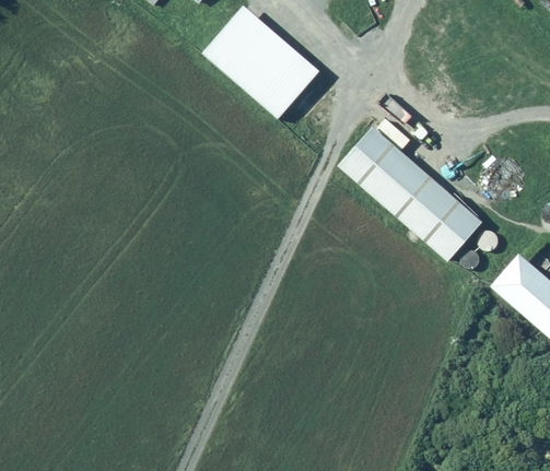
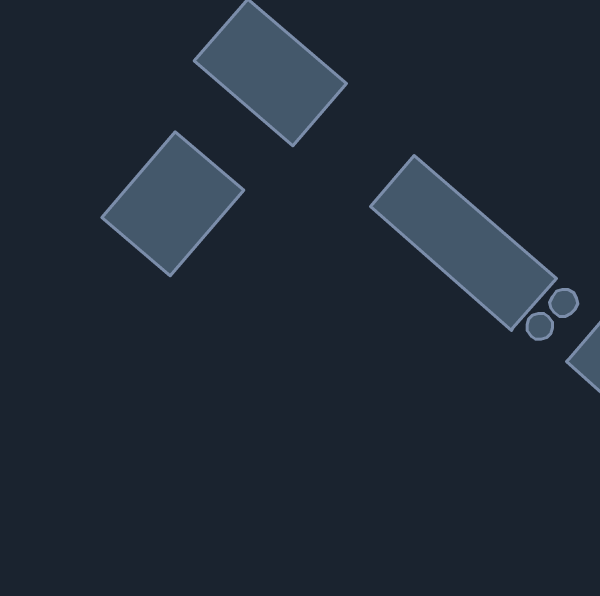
building: none -> [102,132,244,276]

